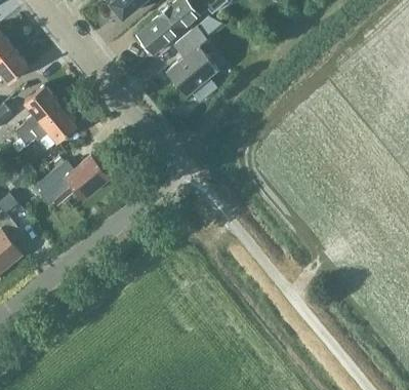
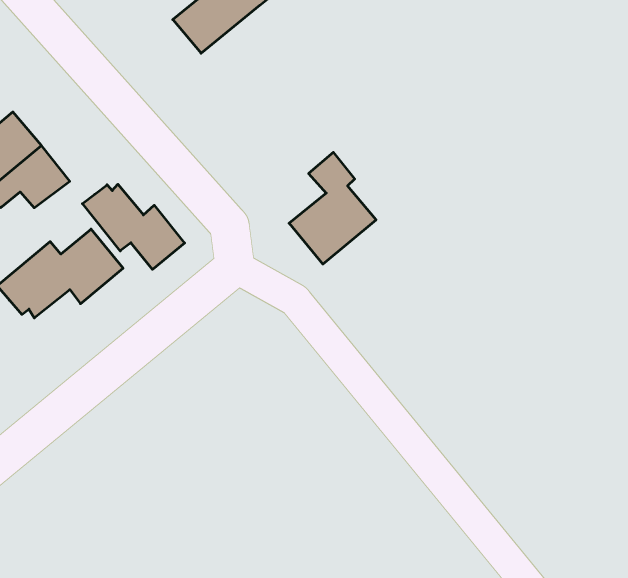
building: [168,28,218,92] -> [289,152,376,264]
building: none -> [82,184,185,269]

